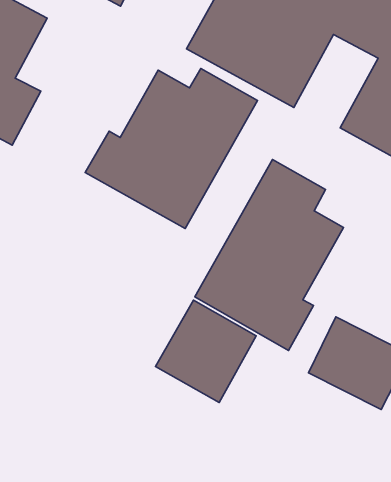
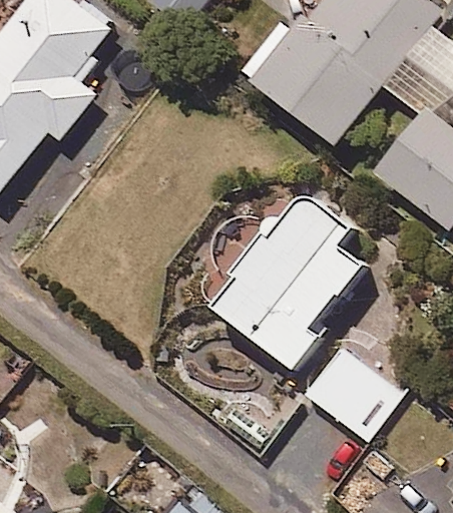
building: [85,68,257,228] -> none
building: [155,300,256,403] -> none

